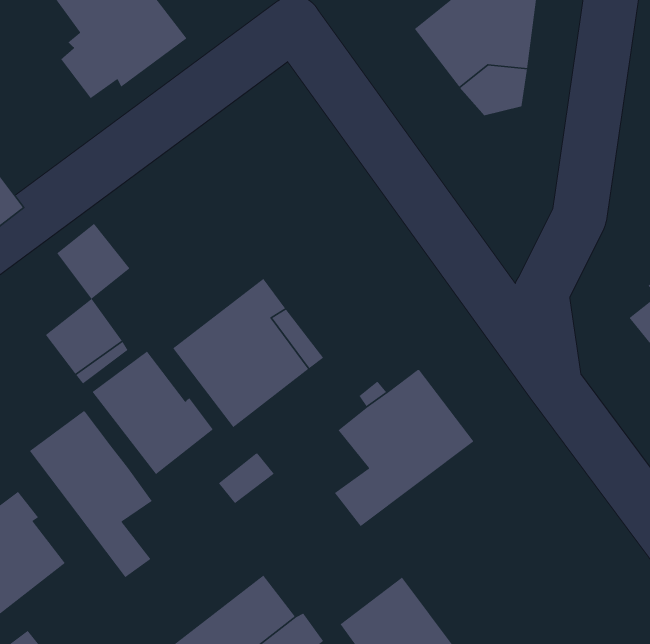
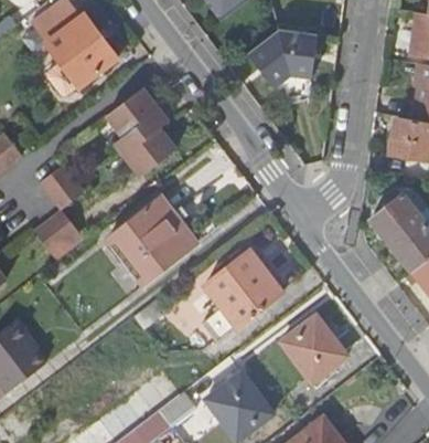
building: none -> [106,87,175,176]
building: [91,350,214,475] -> none
building: [29,410,153,578] -> none
building: none -> [279,315,346,383]

